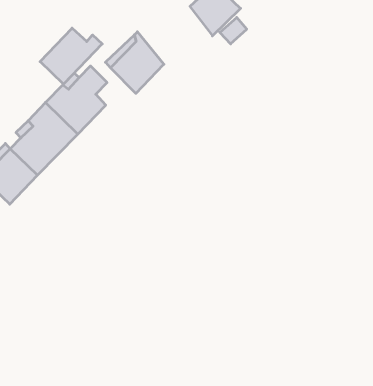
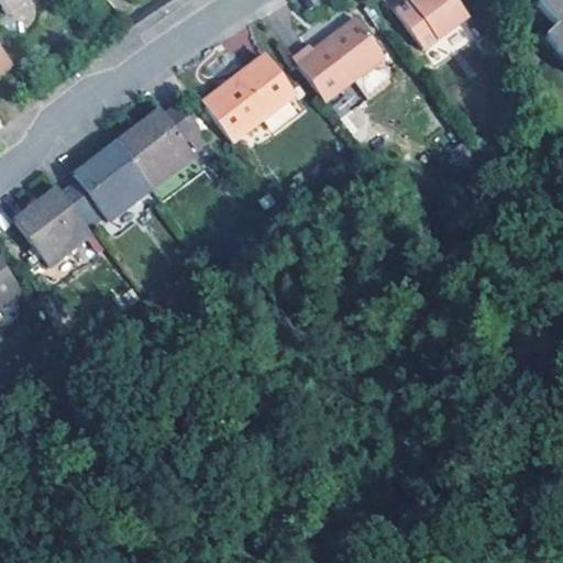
building: none -> [291,41,343,98]
building: none -> [247,53,297,111]
building: [40,28,102,84] -> none

